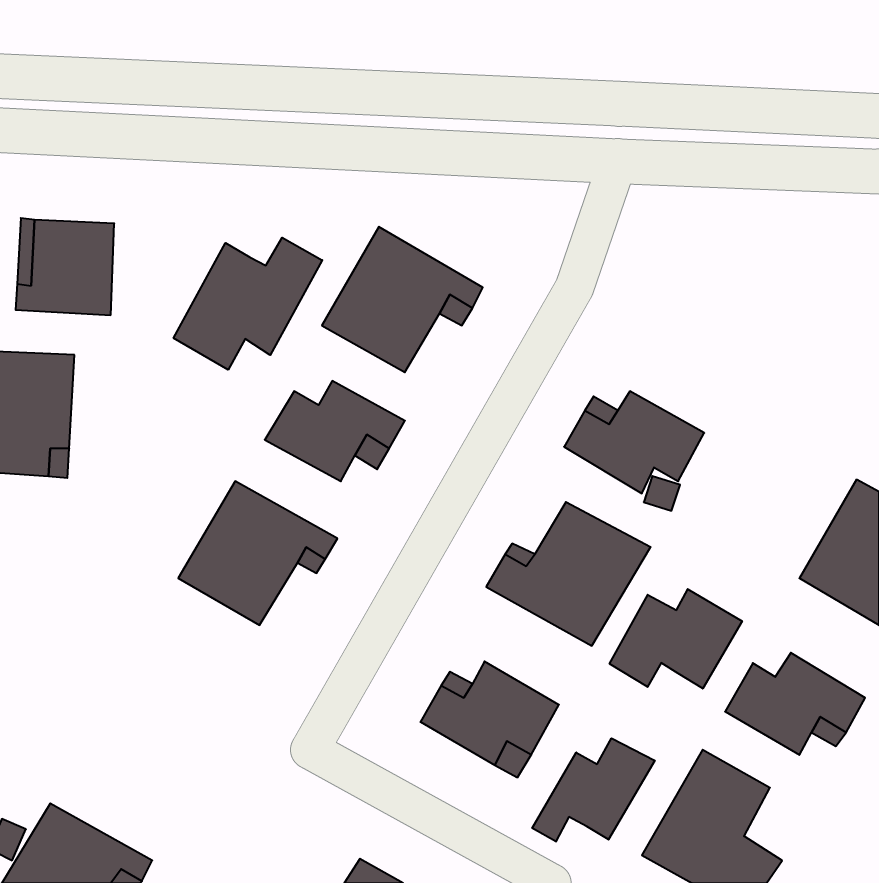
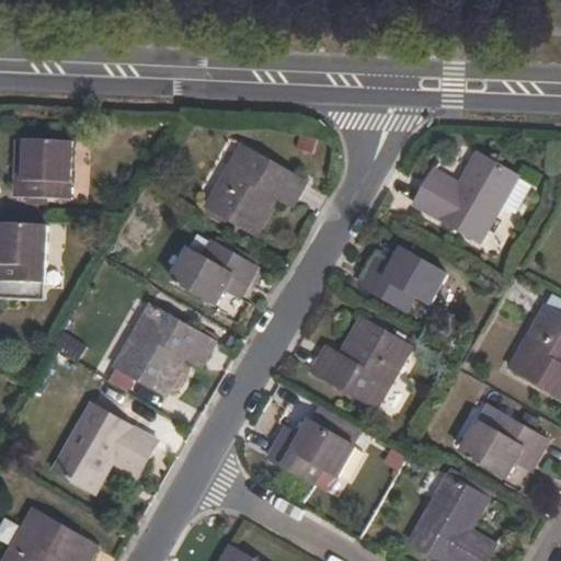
building: [174,238,322,370] -> none
building: none -> [411,151,530,243]
building: [610,589,742,689] -> none
building: none -> [51,403,157,494]
building: [532,738,655,842] -> none

